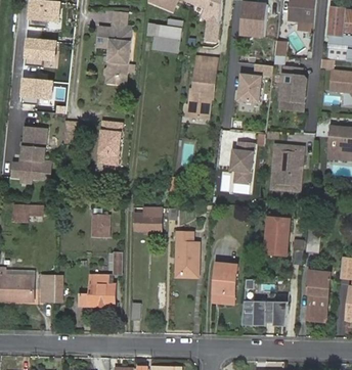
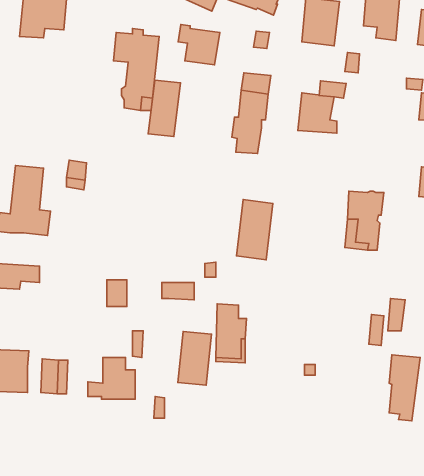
building: [21,35,57,67] -> none
building: [278,66,305,111] -> none
building: [15,77,50,109] -> none
building: [97,122,122,165] -> [148,80,181,137]
building: [228,139,256,185] -> [236,199,273,260]
building: [263,224,288,261] -> none
building: [212,264,237,305] -> [178,331,212,385]
building: [244,299,287,325] -> none

